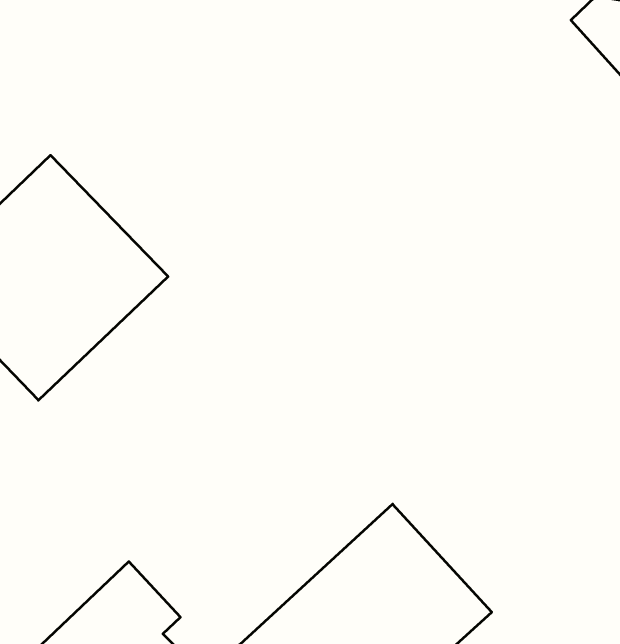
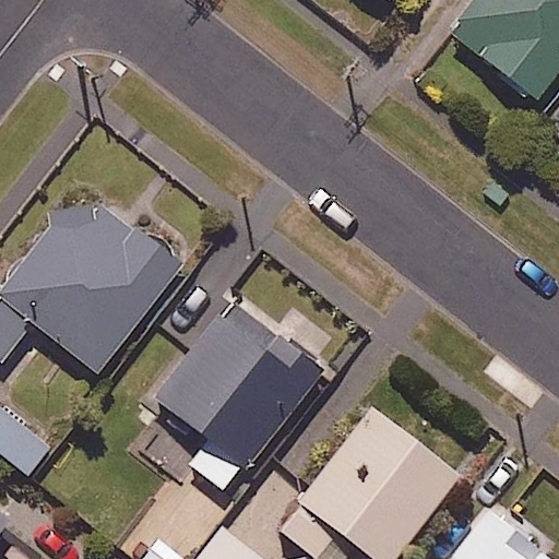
building: none -> [154,300,322,493]

